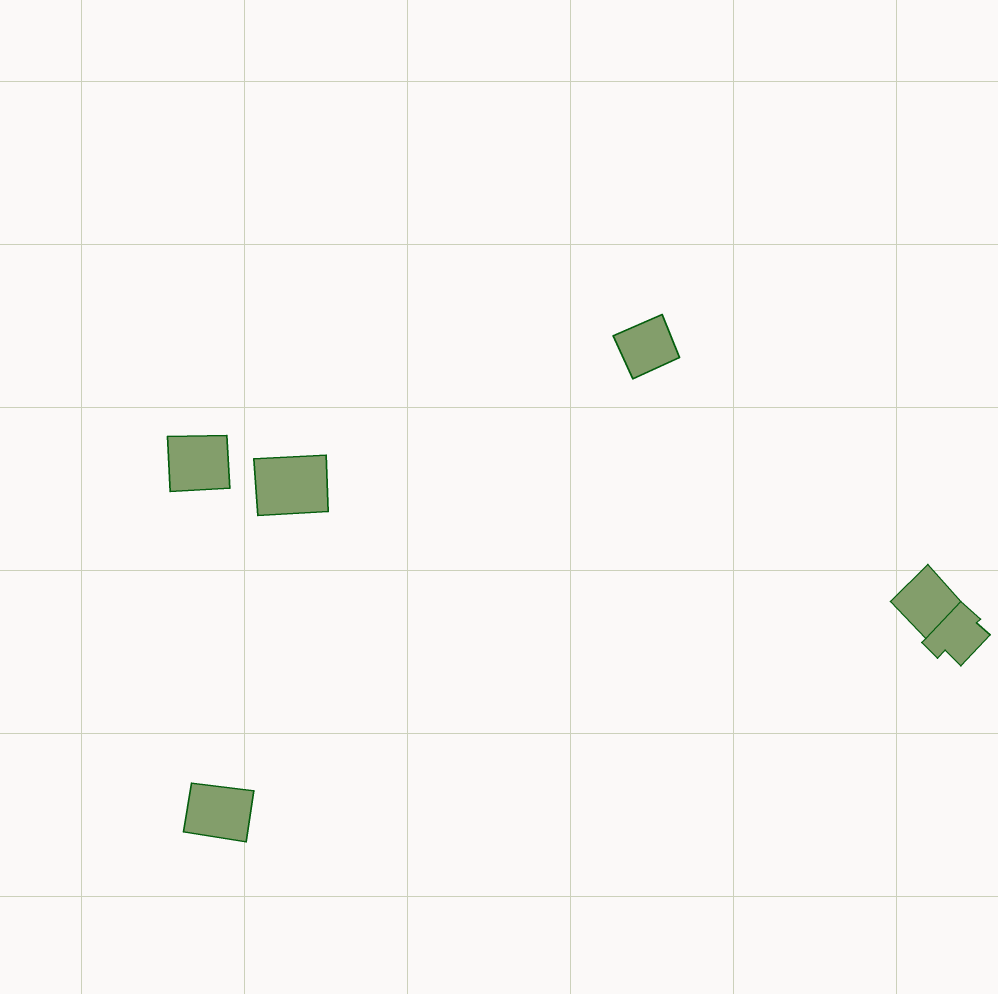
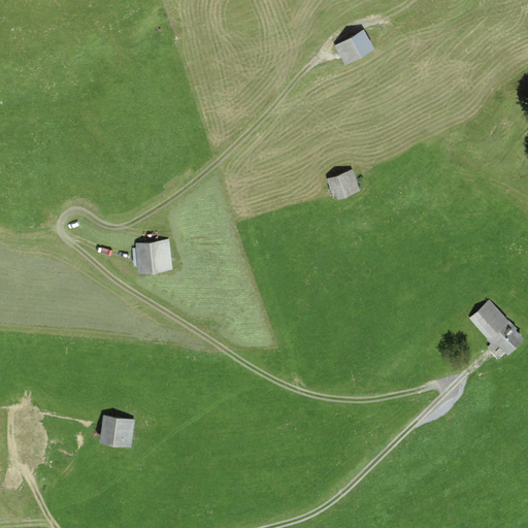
building: none -> [336,29,373,63]
building: [167,435,230,491] -> none

